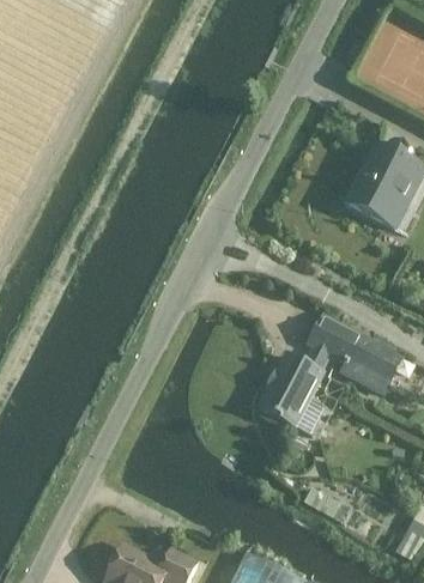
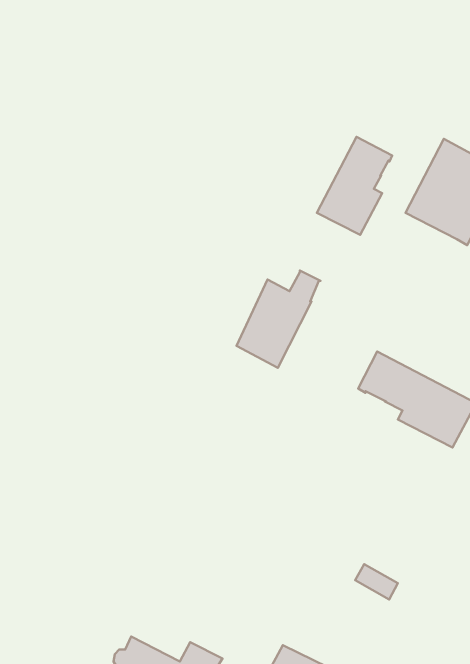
building: none -> [317,137,392,235]
building: [262,347,331,426] -> [236,271,320,368]

